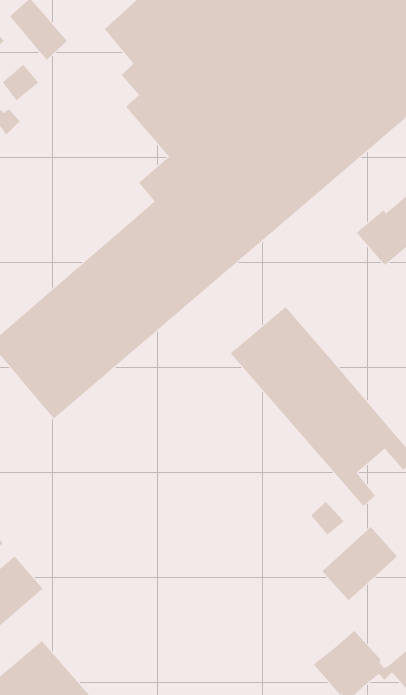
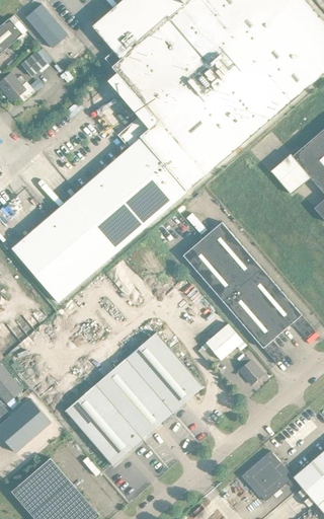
building: none -> [207,323,243,360]
building: none -> [65,331,201,464]
building: [321,526,398,601] -> none

